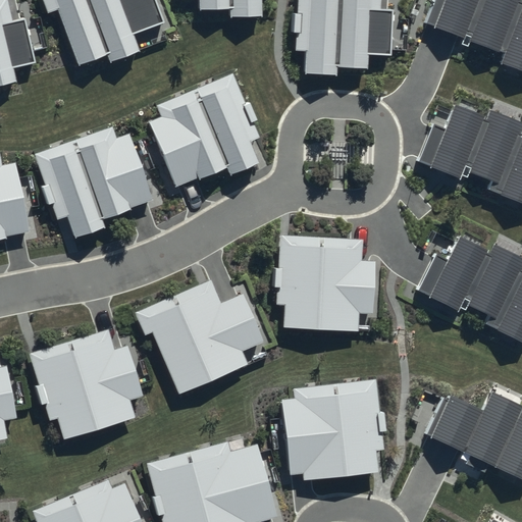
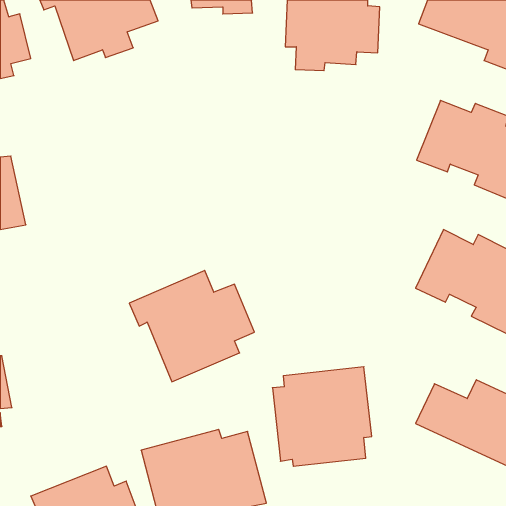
building: [149,73,259,187] -> none
building: [34,126,151,236] -> none
building: [277,236,375,331] -> none
building: [30,329,143,439] -> none

